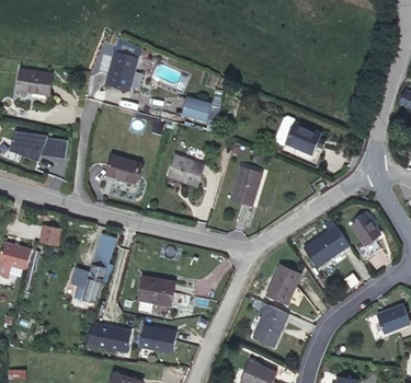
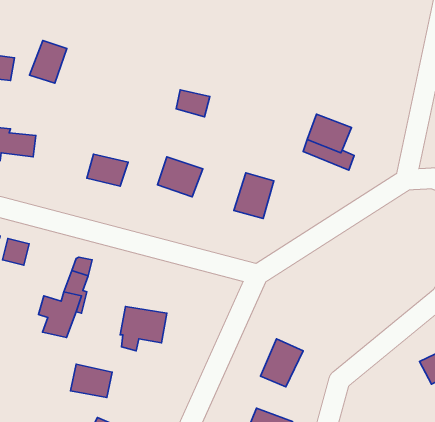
building: [106,54,137,89] -> [29,41,67,83]
building: [355,211,380,254] -> none
building: [304,224,345,265] -> none
building: [265,264,297,301] -> none
building: [138,325,175,352] -> none

